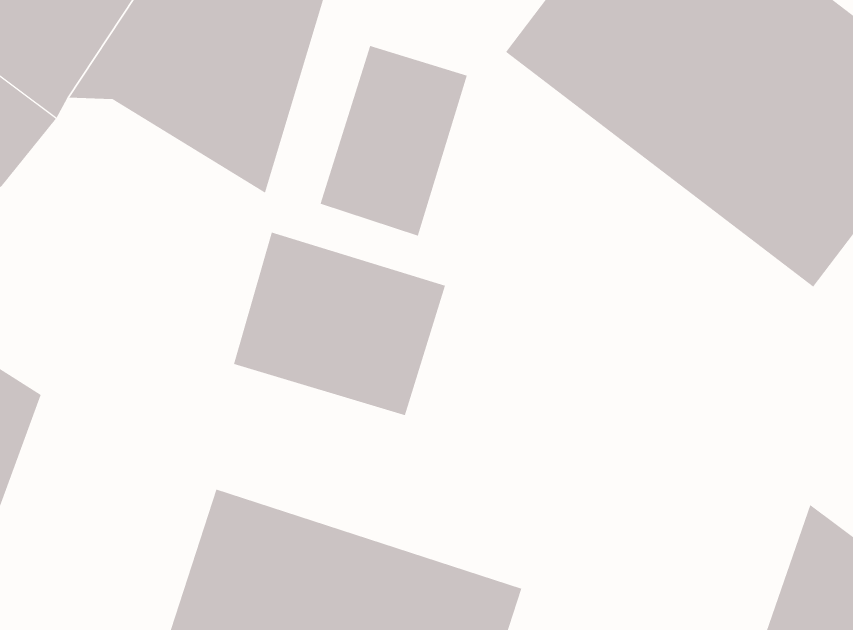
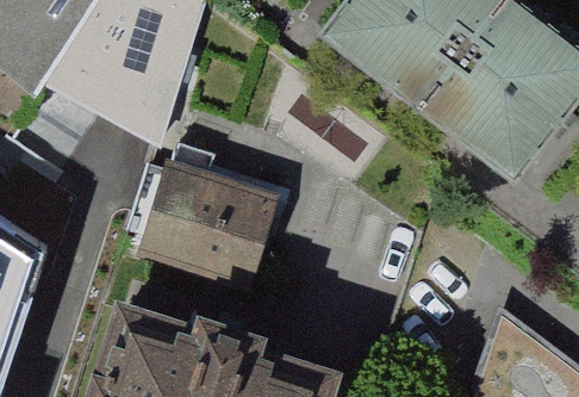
building: [320,45,468,236] -> none

